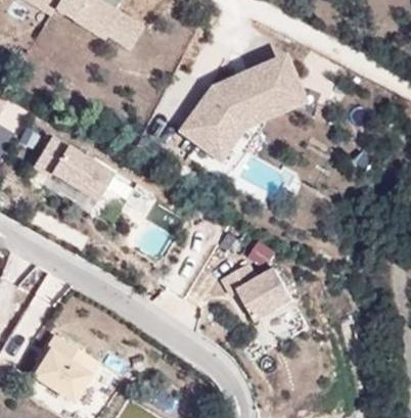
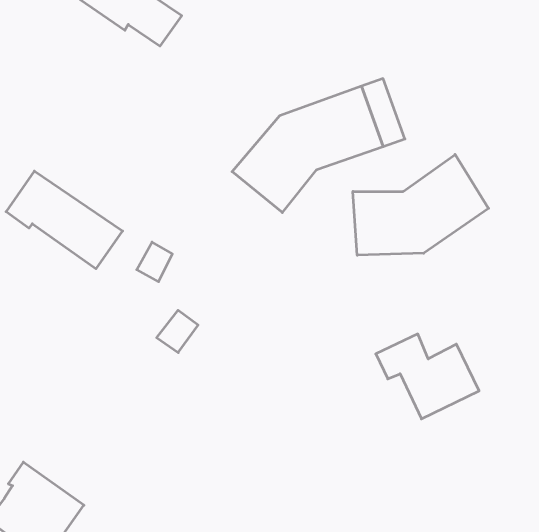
building: none -> [353,154,489,255]
building: [224,264,295,321] -> [376,334,479,419]

